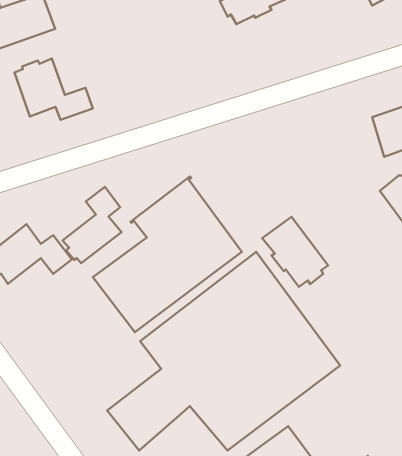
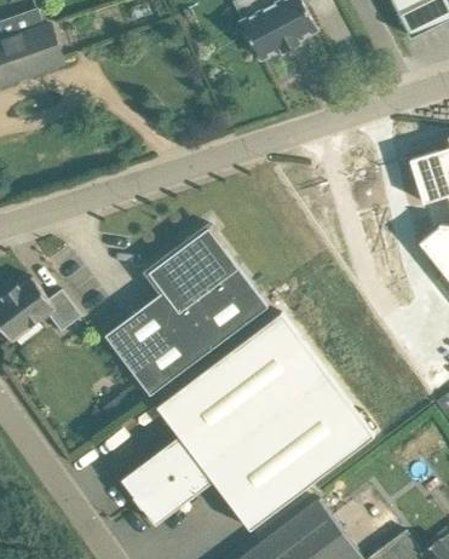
building: [15,59,93,120] -> none
building: [63,187,122,263] -> none
building: [262,217,328,287] -> none

